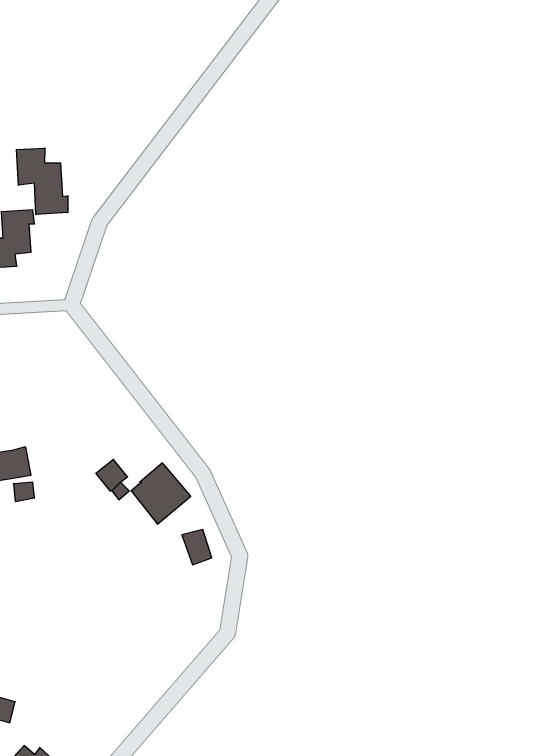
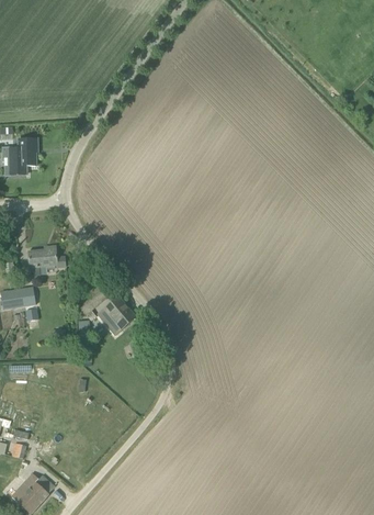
building: [16,148,68,215] -> none
building: none -> [29,244,66,277]

